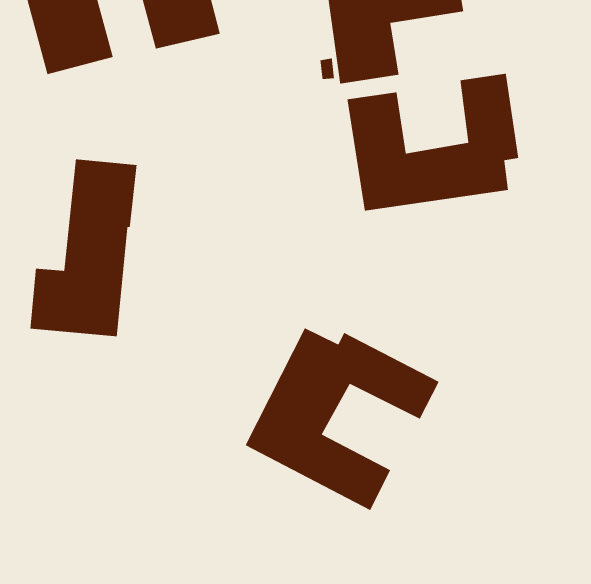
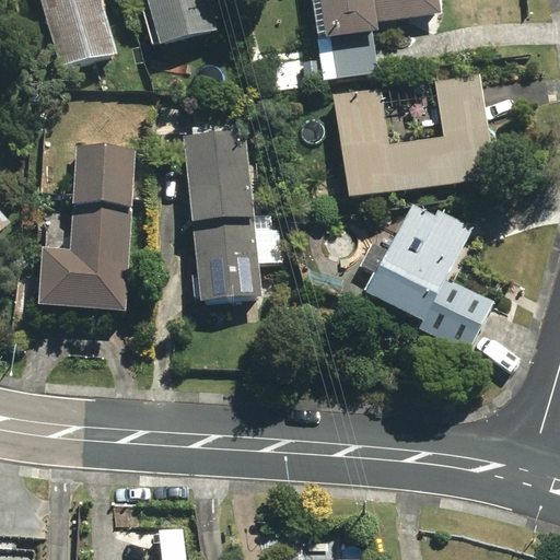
building: none -> [188,130,257,302]
building: none -> [362,195,493,350]
building: [245,327,440,511] -> none

